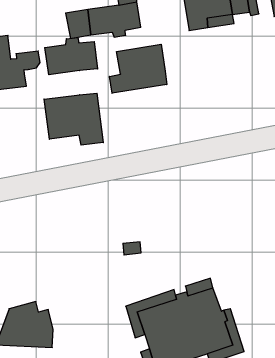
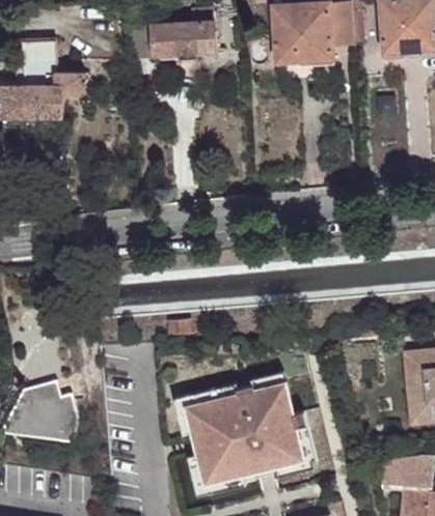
building: [45,38,98,75] -> none
building: [110,44,167,93] -> none
building: [44,93,103,145] -> none

